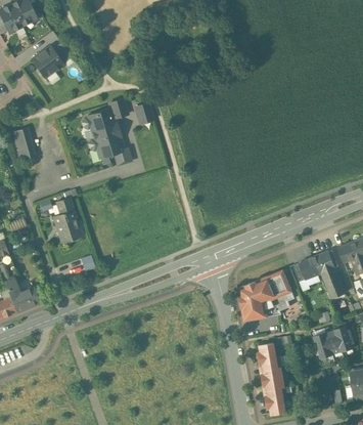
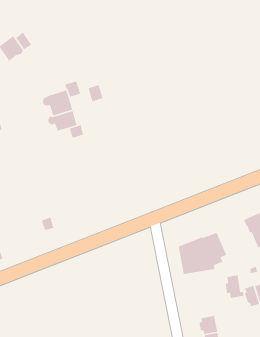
building: [52,199,81,243] -> none
building: [292,258,319,283] -> none
building: [257,343,279,371] -> [225,275,245,299]

